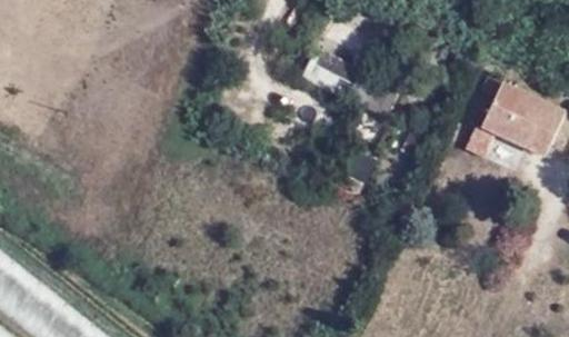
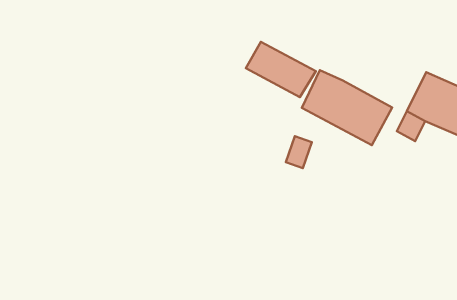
building: none -> [302,70,392,145]

